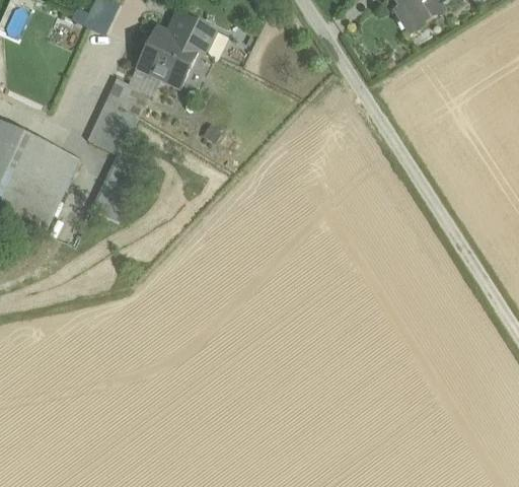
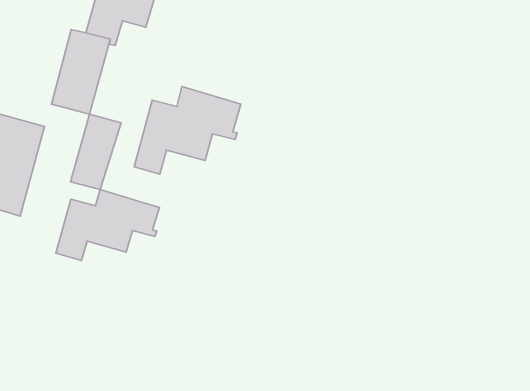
building: none -> [134,87,241,174]
building: none -> [56,190,159,260]

